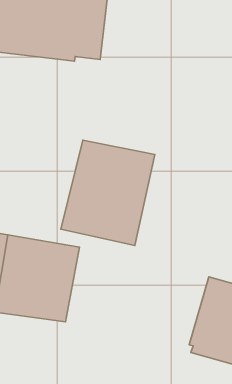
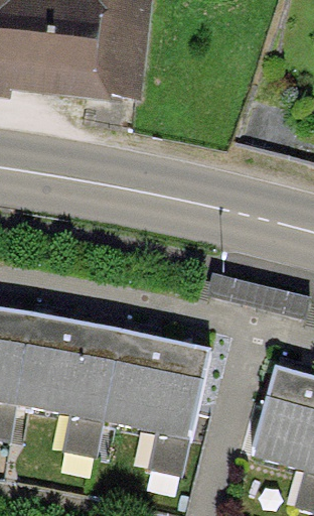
building: [61,140,155,245] -> none
building: none -> [102,329,211,439]

